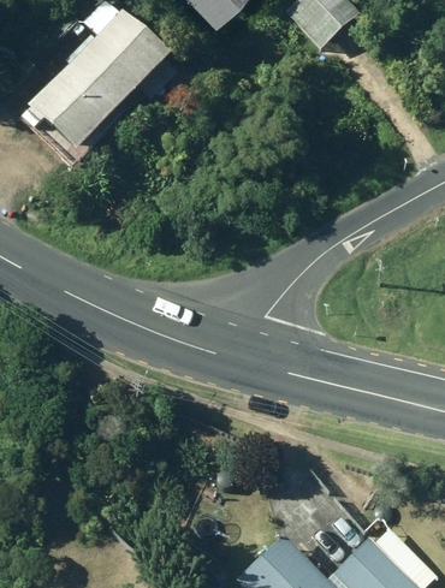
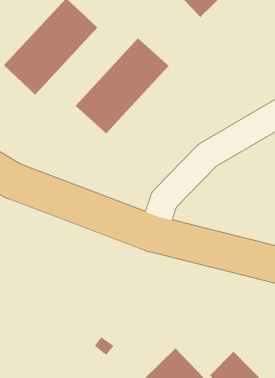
building: none -> [75,37,169,134]

